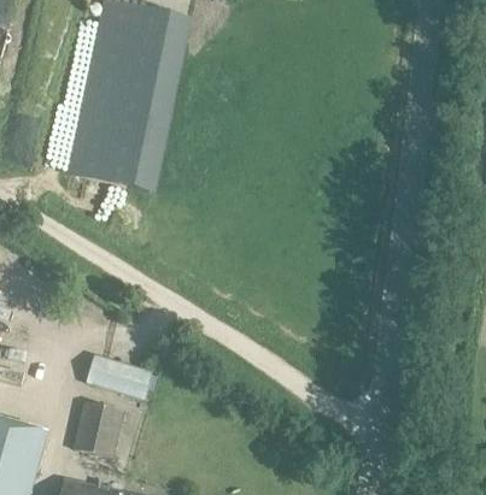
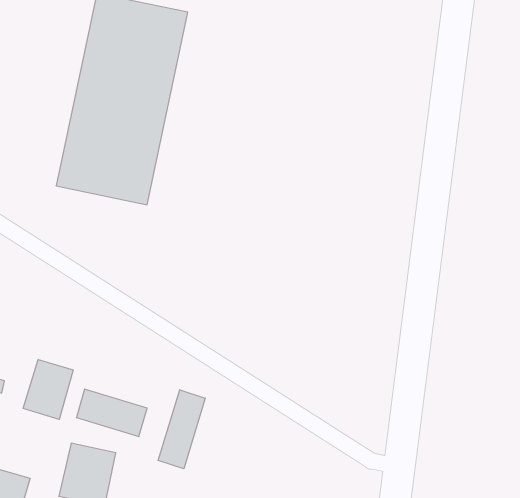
building: none -> [23,359,73,419]
building: none -> [158,390,205,469]

